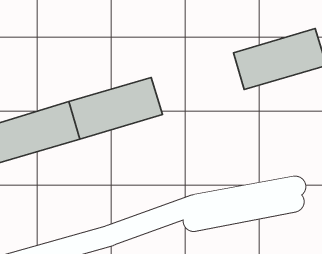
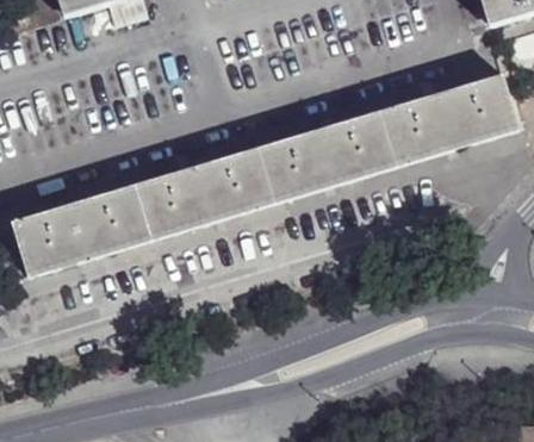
building: none -> [254,111,392,203]

